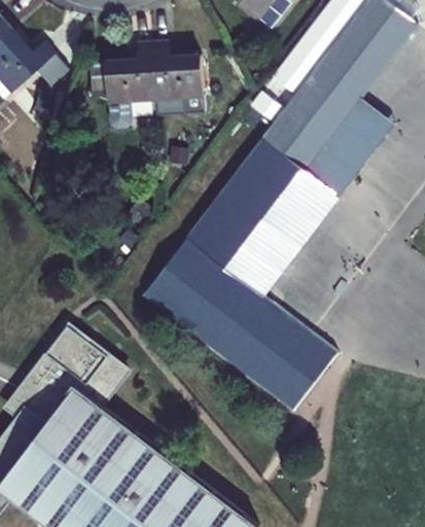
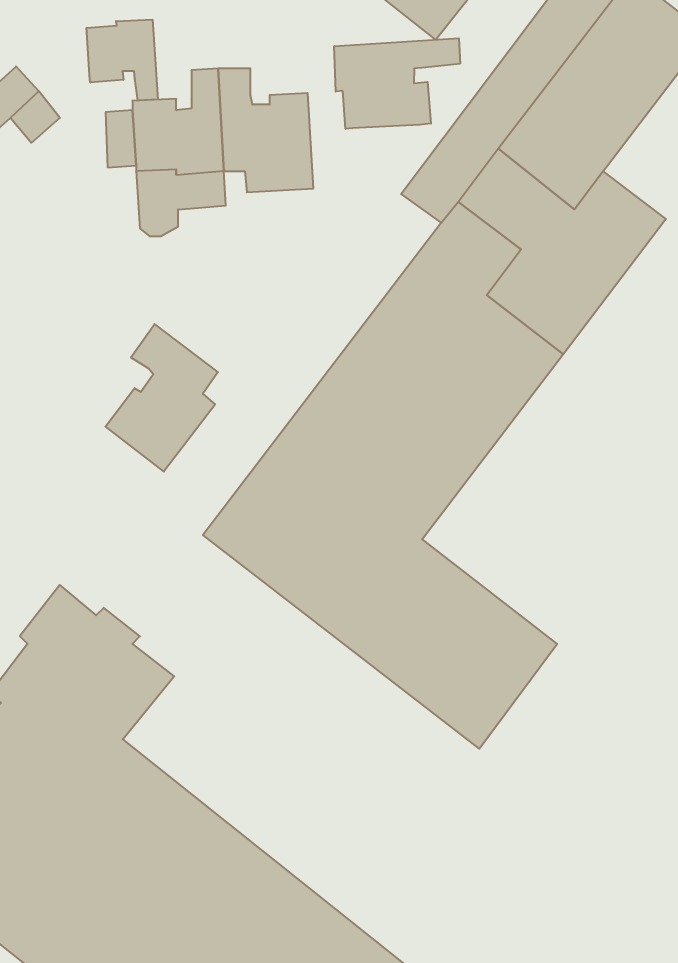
building: none -> [86,20,158,101]
building: none -> [334,38,460,129]
building: none -> [105,324,218,472]

